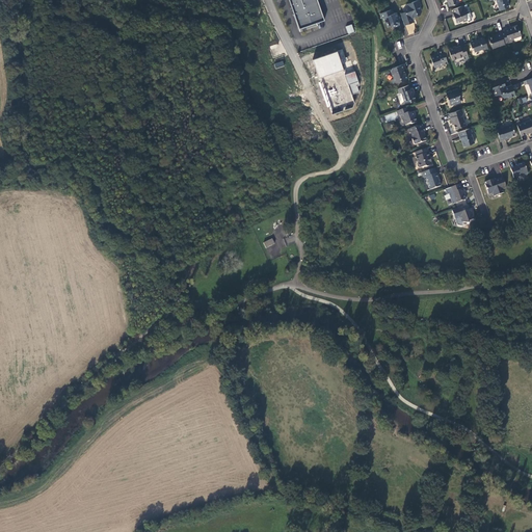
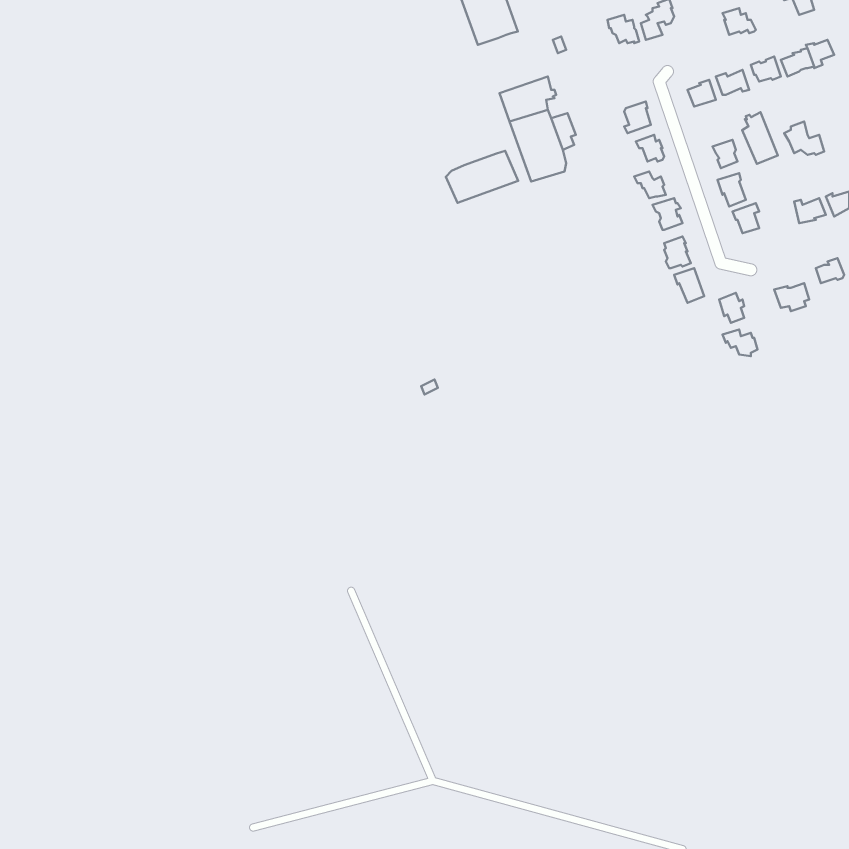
building: none -> [742,112,778,164]
building: none -> [446,151,518,203]

